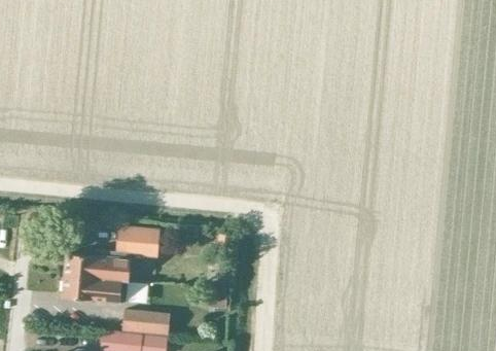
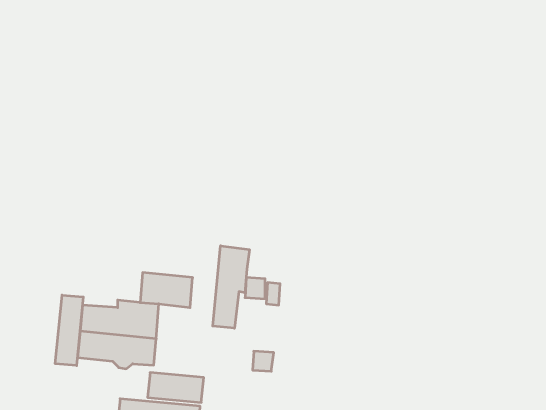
building: none -> [213,246,249,328]
building: none -> [55,295,83,366]

